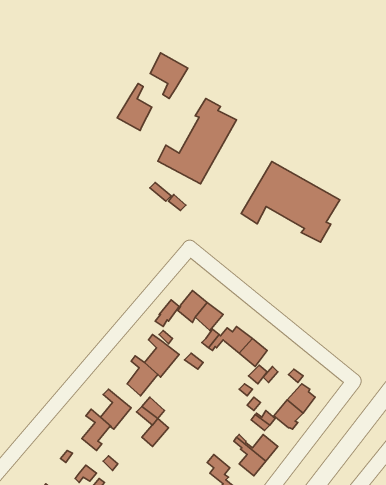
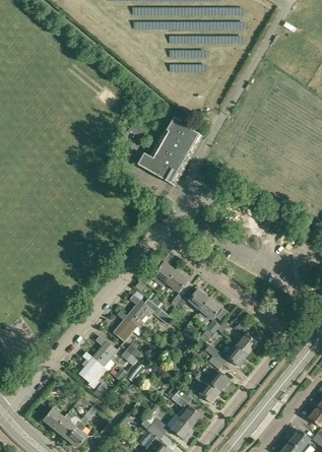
building: [150,53,188,98] -> none
building: [117,83,152,131] -> none
building: [241,161,340,242] -> none

